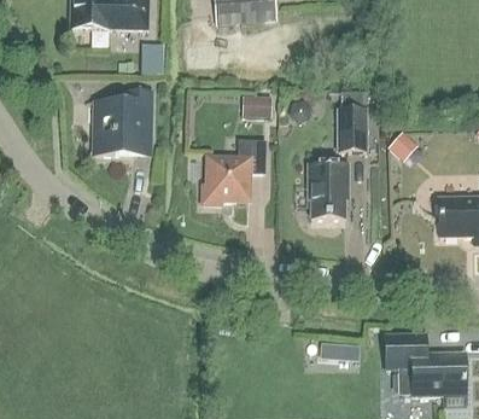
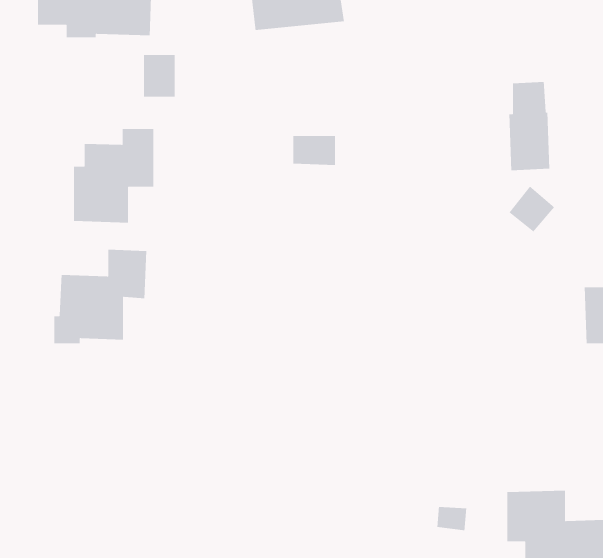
building: [338,91,366,151] -> [509,81,550,171]
building: [203,140,265,204] -> [54,249,147,344]
building: [308,165,347,220] -> none

